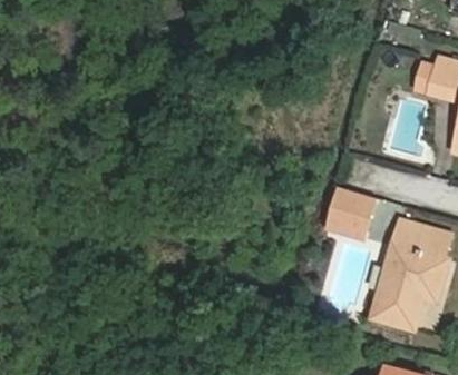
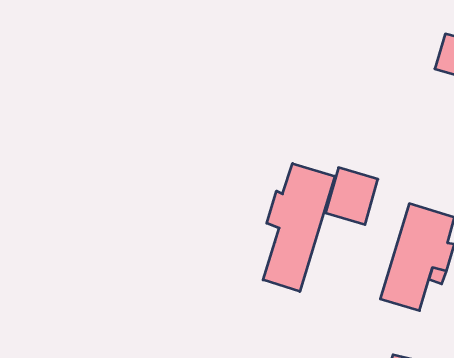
building: none -> [263,163,335,292]

